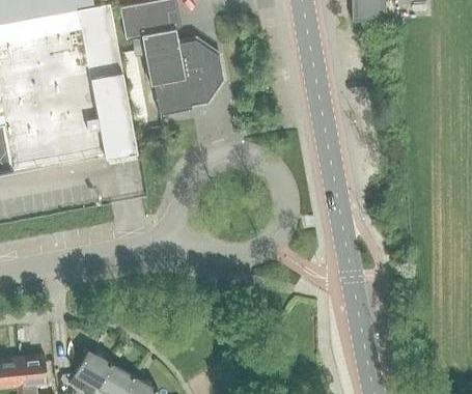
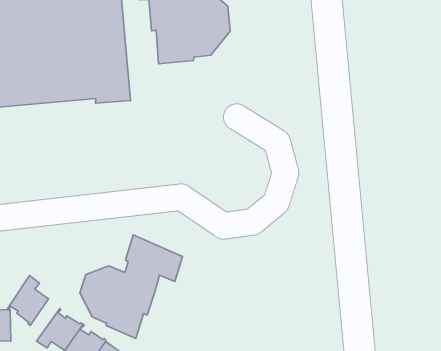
building: none -> [80,235,183,338]
building: none -> [7,276,49,325]

